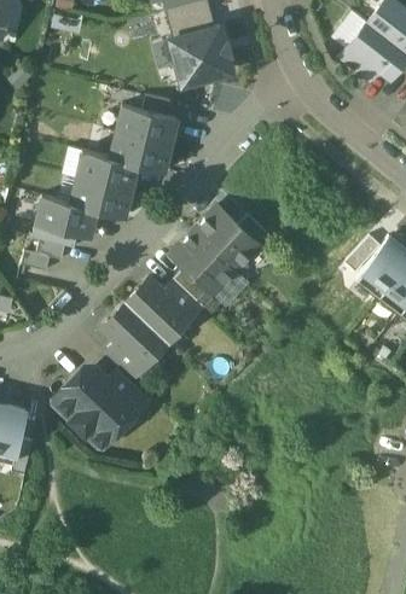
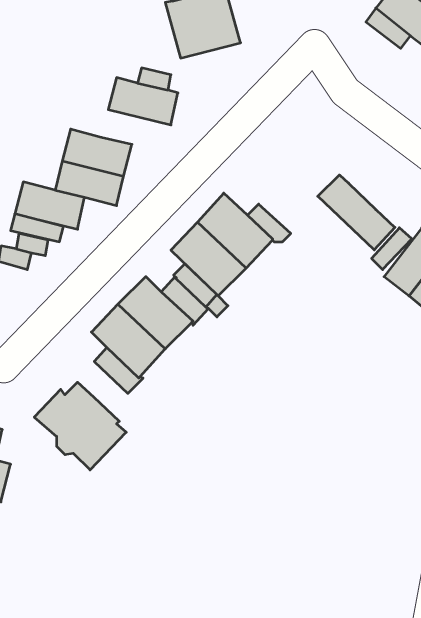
building: [111,133,172,170] -> none
building: none -> [318,175,395,250]
building: [105,371,146,413] -> none

